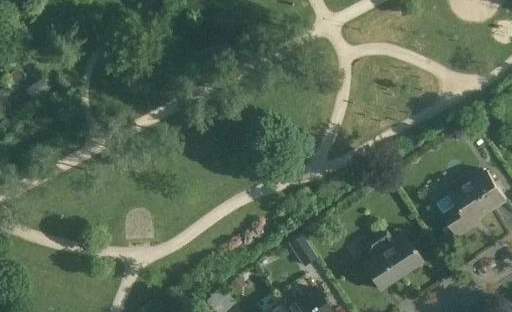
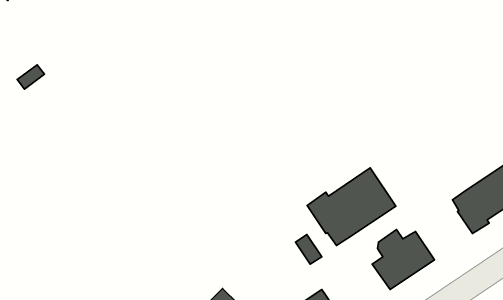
building: none -> [307,168,396,245]

